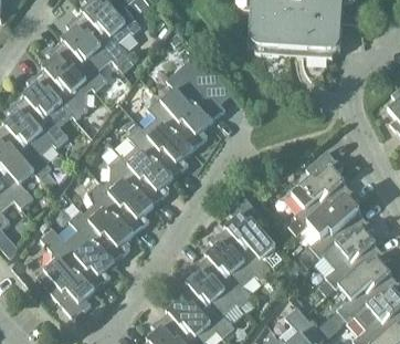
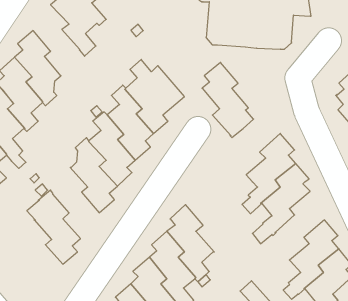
building: [62,10,112,90] -> none
building: [83,181,133,261] -> none
building: [225,197,281,278] -> [202,62,254,138]
building: [317,210,375,294] -> none
building: [36,227,94,319] -> none

